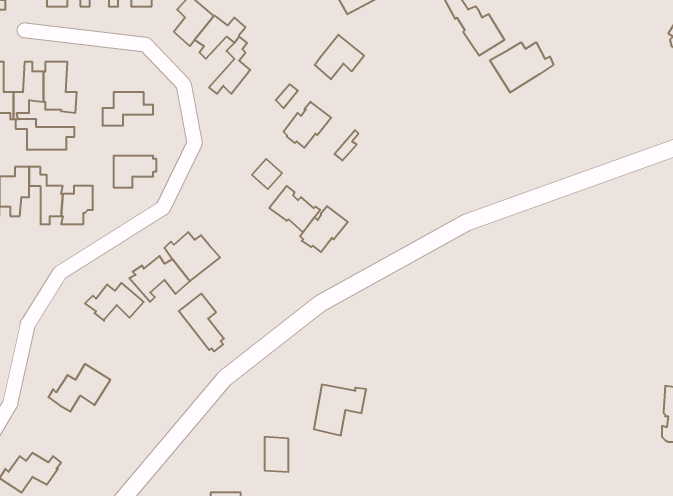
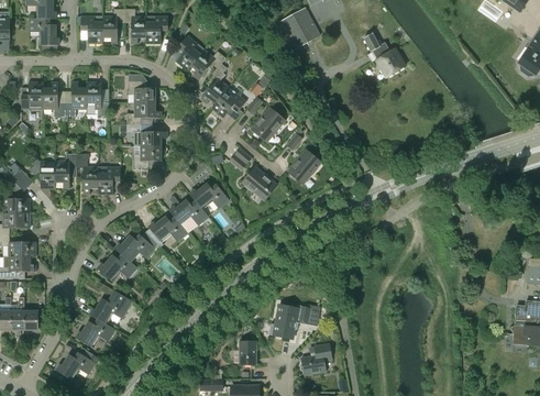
building: [315,35,364,79] -> [212,87,246,118]
building: [490,42,553,93] -> none
building: none -> [128,80,155,102]
building: [16,119,74,149] -> [126,125,167,146]
building: [300,206,348,252] -> [288,151,321,183]
building: none -> [189,183,229,208]
building: [179,294,224,351] -> none
building: none -> [97,255,136,279]
building: none -> [75,319,114,347]
building: none -> [300,344,331,374]

